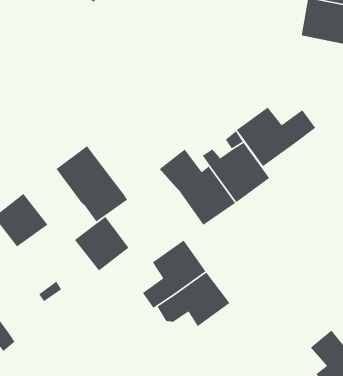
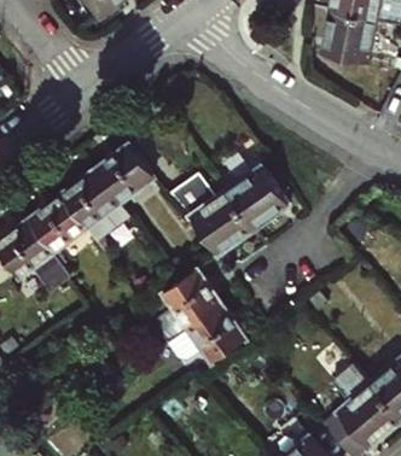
building: [236,107,316,167] -> none
building: none -> [94,144,153,204]
building: [74,216,129,272] -> [27,195,86,255]

